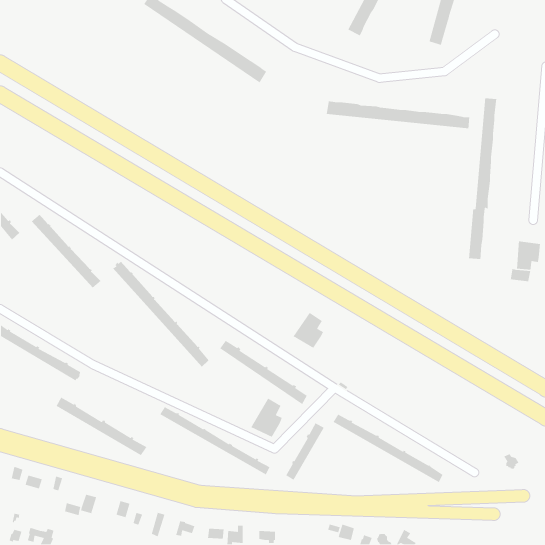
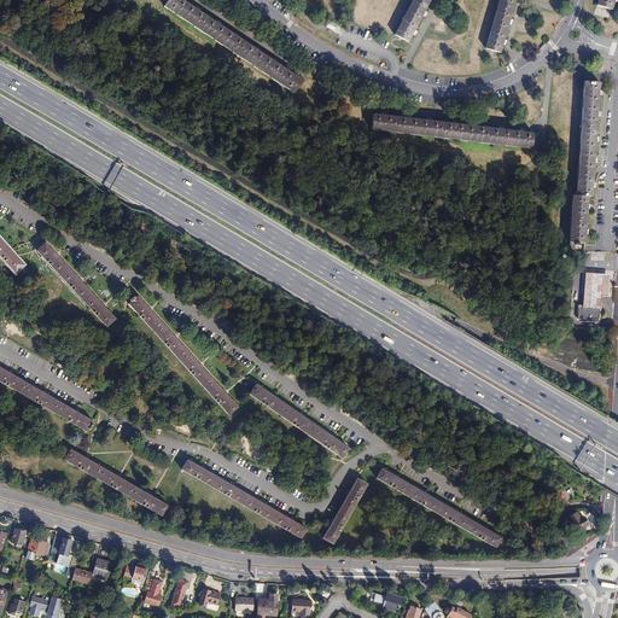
building: [468,97,497,260] -> [567,70,600,253]
building: [293,312,324,349] -> none
building: [250,398,283,438] -> none

